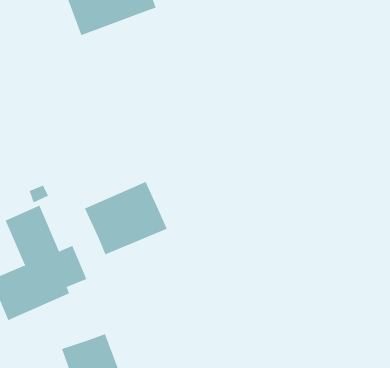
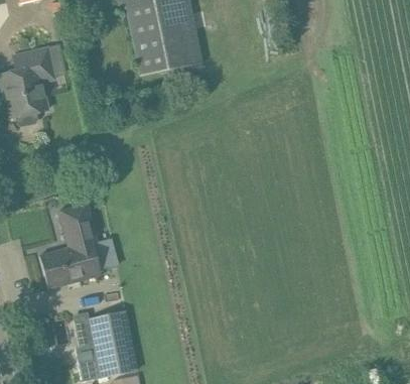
building: [84,181,167,255] -> none

